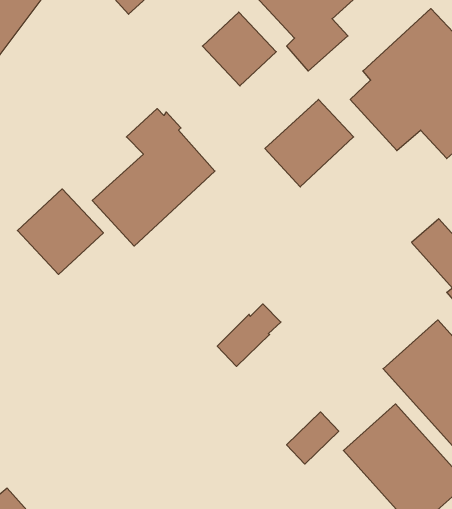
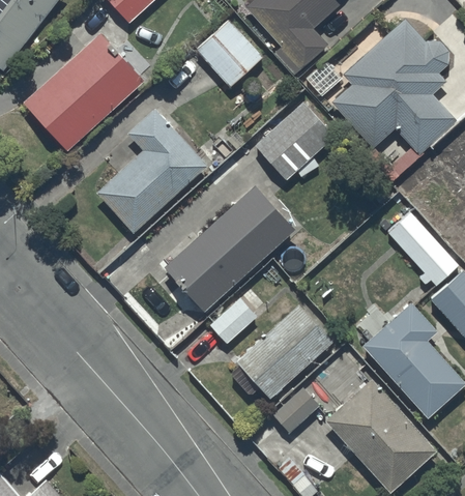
building: none -> [24,35,144,151]
building: [17,189,103,274] -> none
building: none -> [163,185,295,314]
building: none -> [230,303,336,400]

